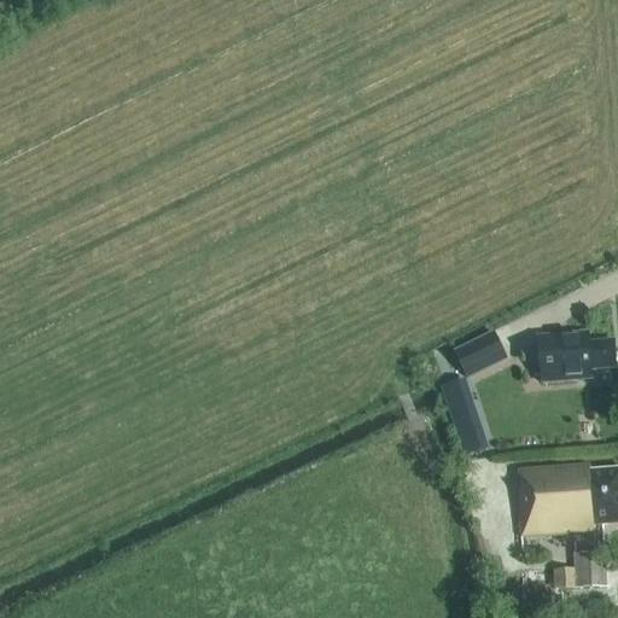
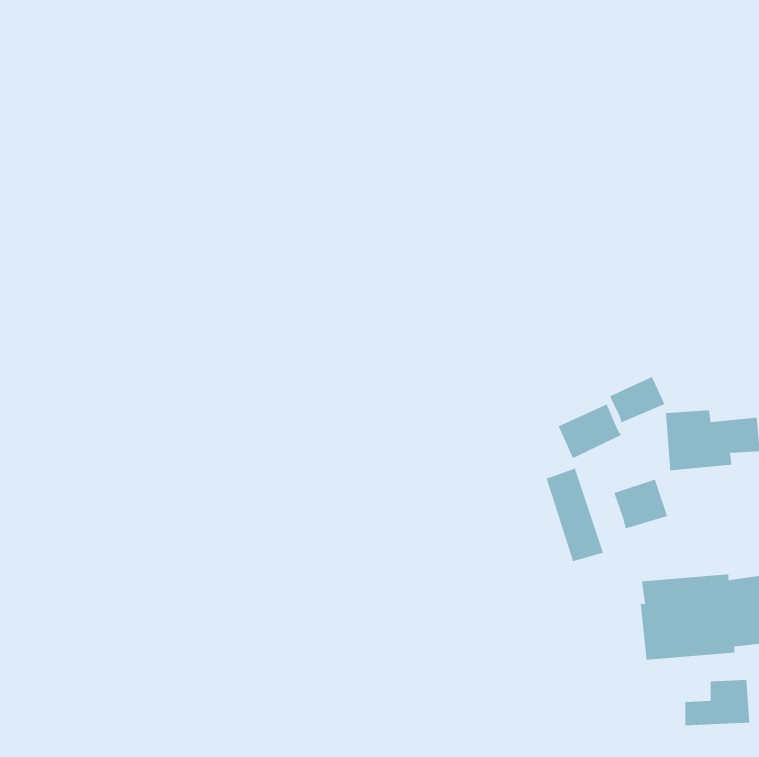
building: none -> [609,376,665,423]
building: none -> [614,479,668,529]

